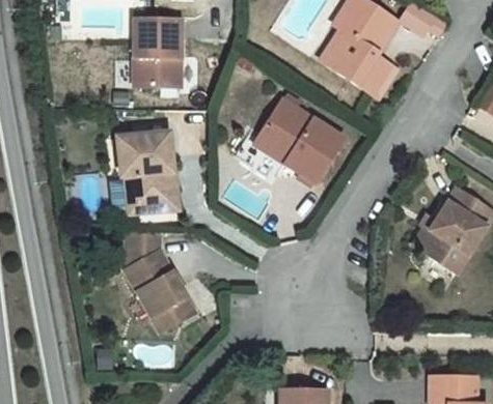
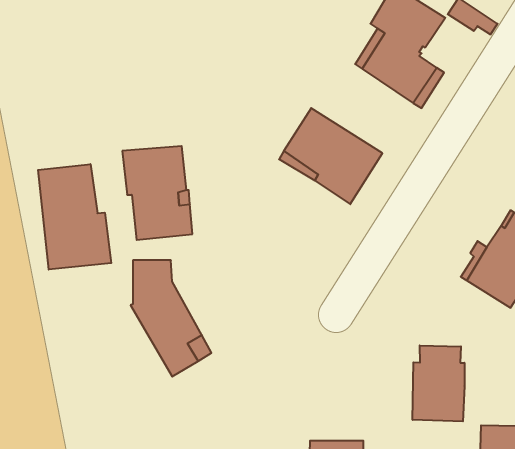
building: [135,18,182,86] -> none
building: none -> [38,164,111,270]
building: none -> [413,345,464,421]

